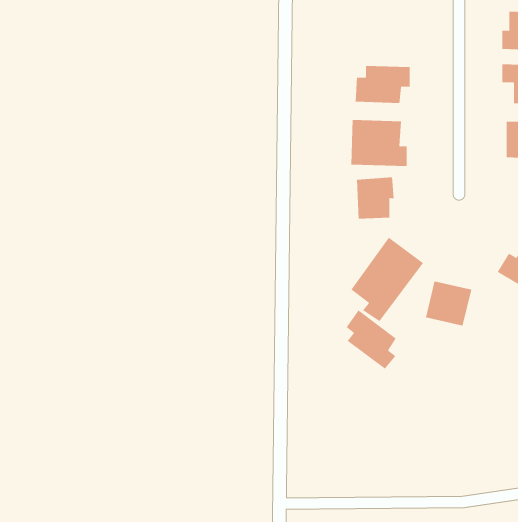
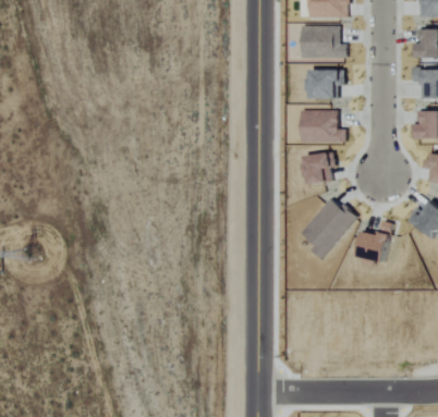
building: none -> [301,26,345,58]
building: [346,310,397,370] -> none

